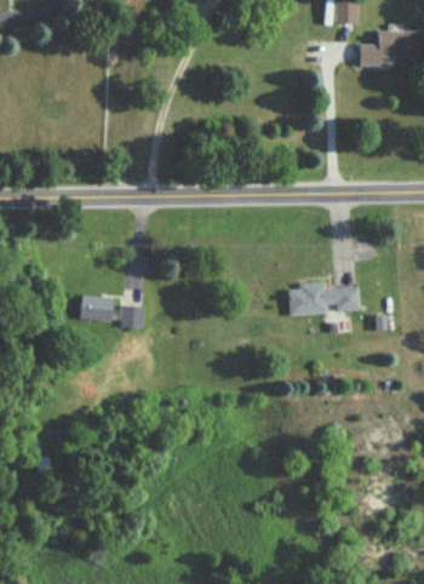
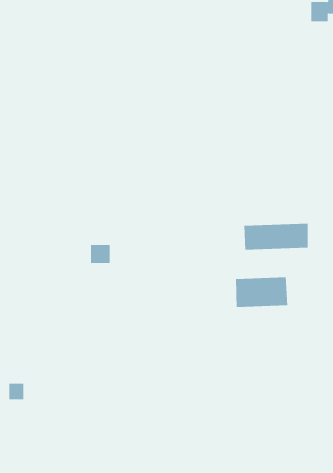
building: [80,297,111,321] -> none
building: none -> [236,277,288,308]

